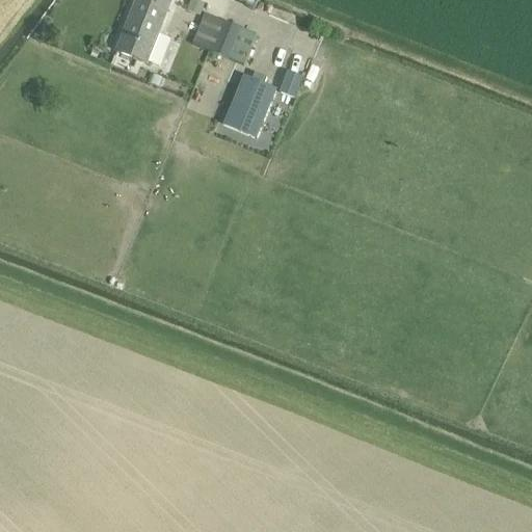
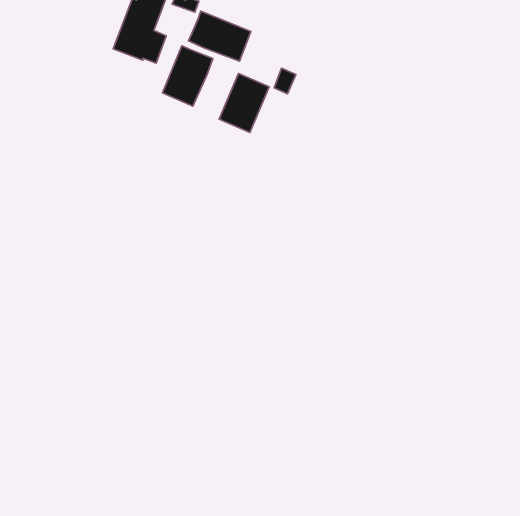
building: none -> [162,46,213,106]

